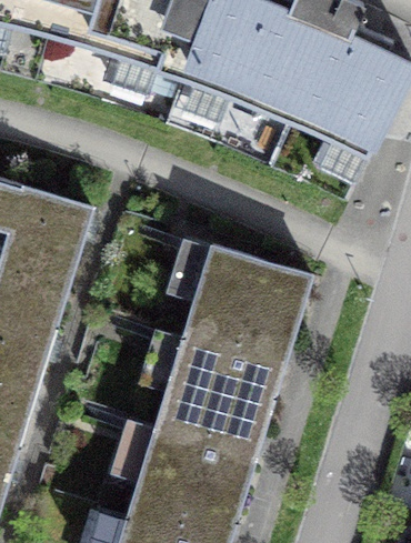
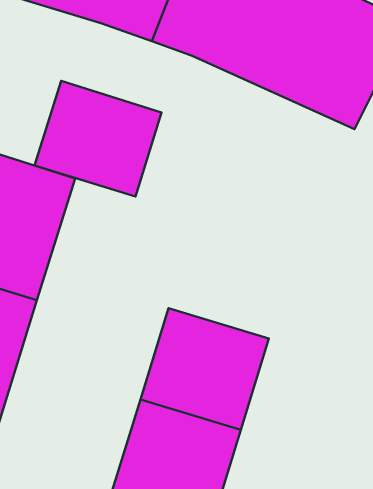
building: none -> [34,81,162,197]
building: [184,243,311,364] -> none

